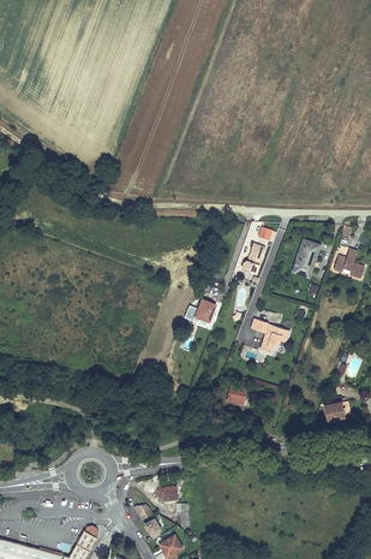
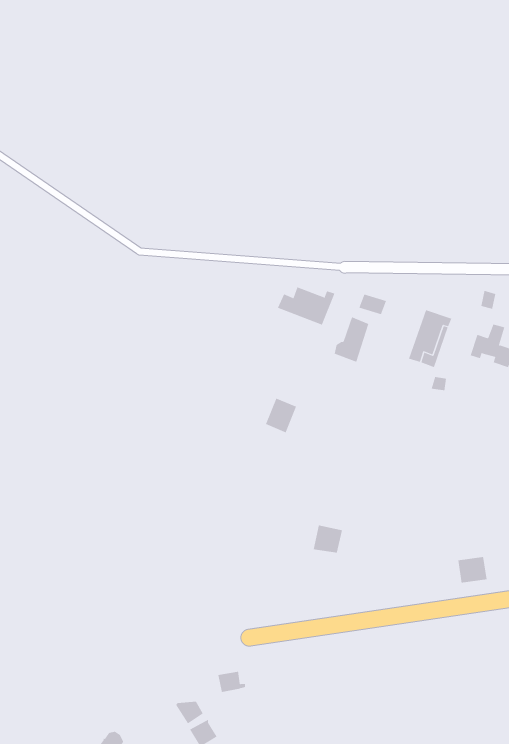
building: none -> [277,286,335,326]
building: [249,317,289,353] -> none

